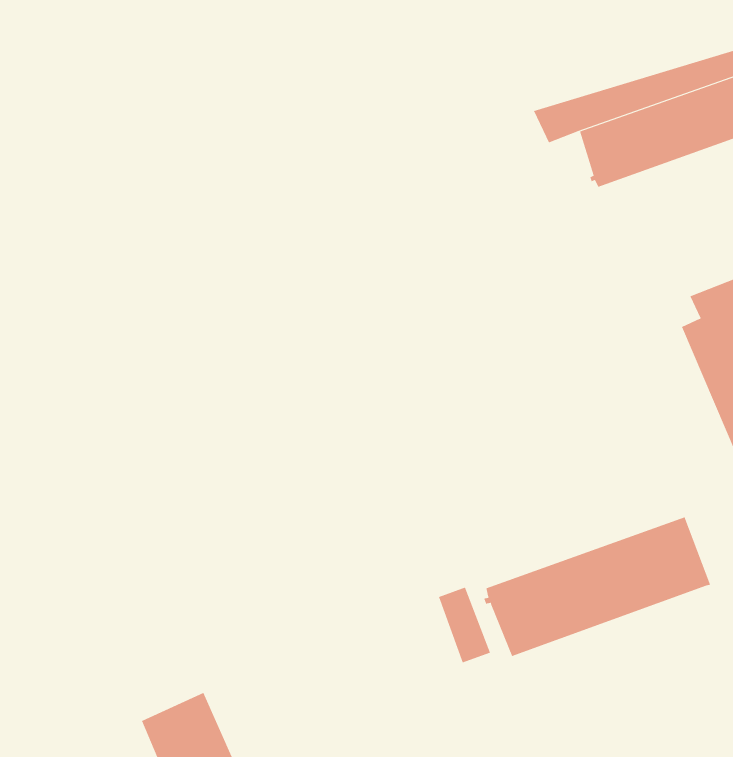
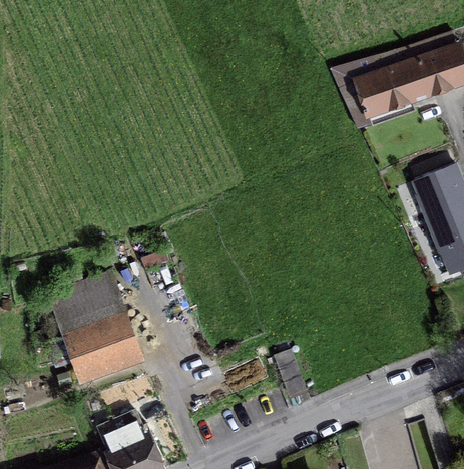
building: none -> [53,278,140,381]
building: [484,516,711,657] -> none

